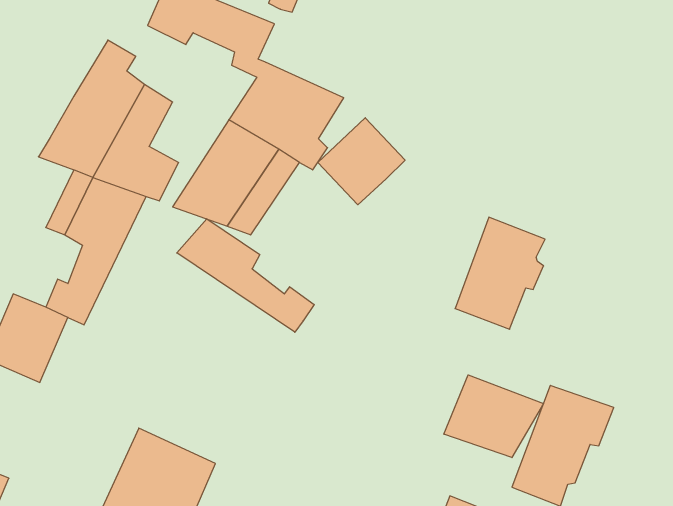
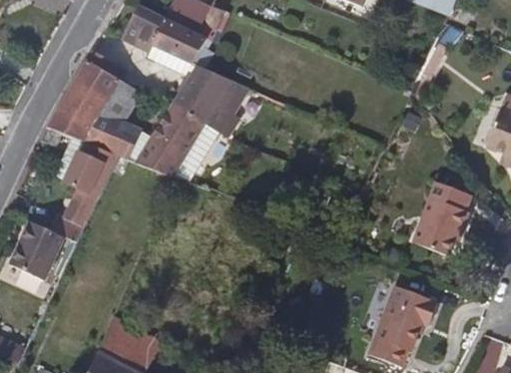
building: [318,118,405,205] -> none
building: [455,217,545,329] -> [413,176,474,253]
building: [177,219,314,332] -> none
building: [444,375,543,458] -> none

